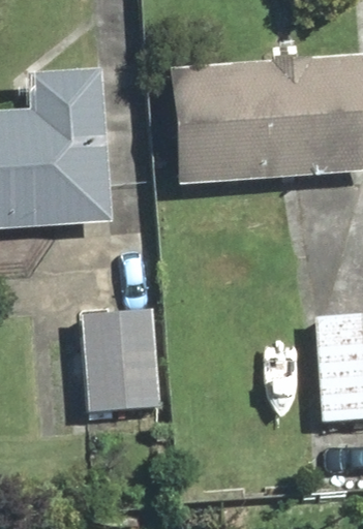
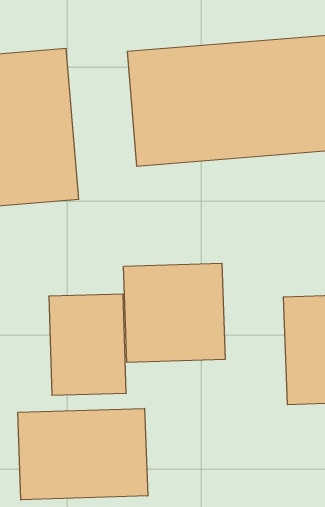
building: none -> [124,263,225,362]
building: none -> [18,408,148,500]

